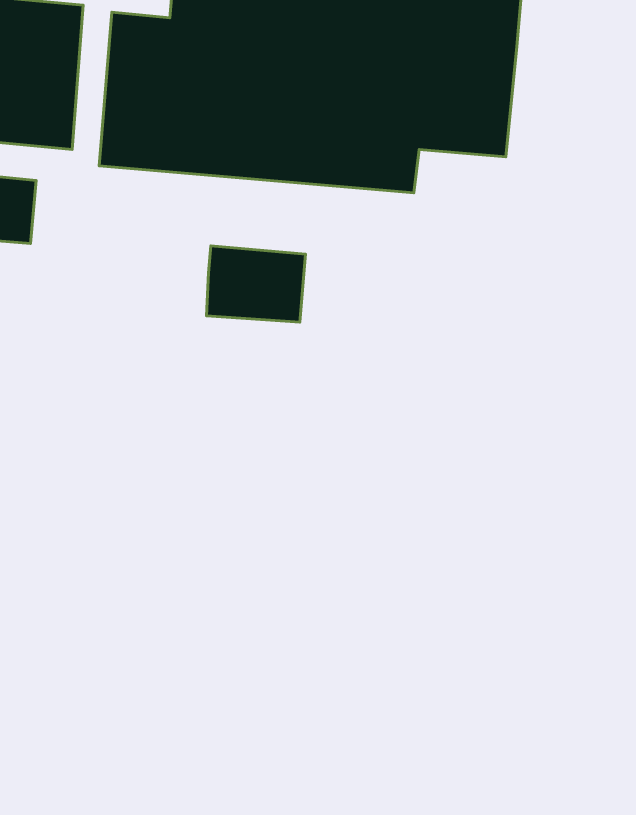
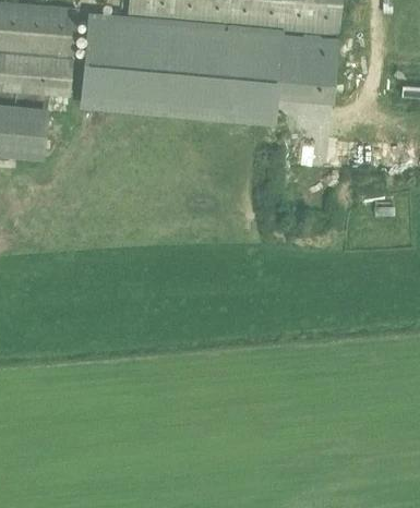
building: [206,246,305,322] -> none

